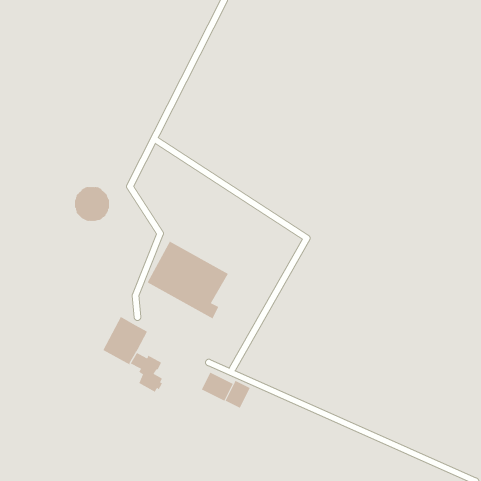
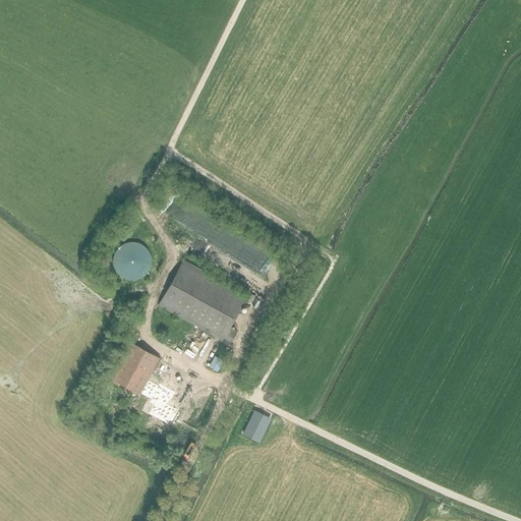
building: [74,187,110,221] -> [113,242,152,280]
building: [201,372,234,402] -> none

